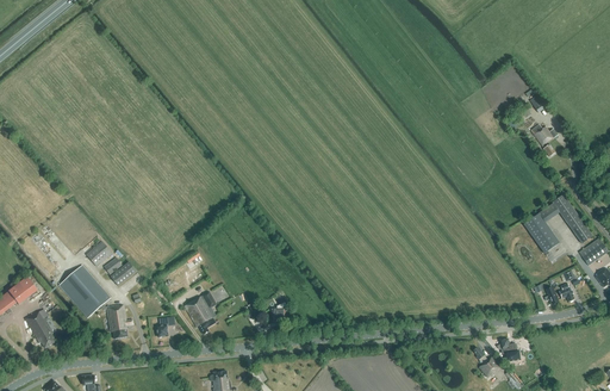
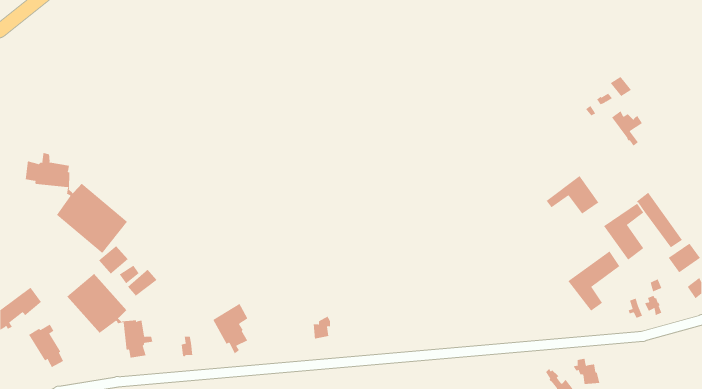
building: none -> [25,152,128,254]
building: none -> [546,175,599,215]
building: none -> [567,251,620,312]

